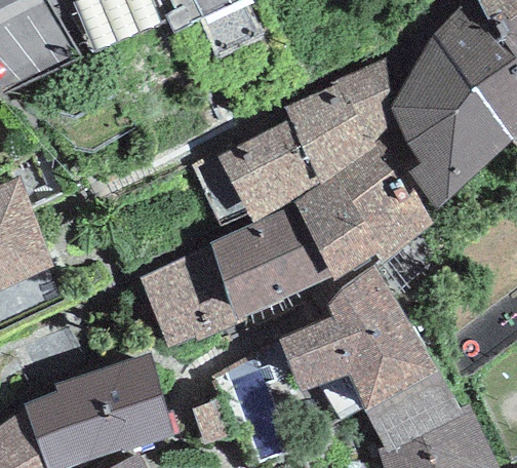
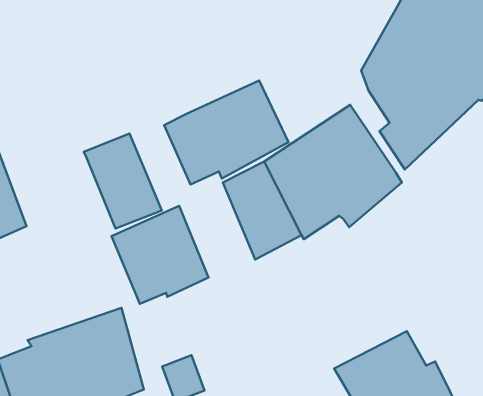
building: [282,56,388,183] -> none
building: [205,224,284,320] -> [84,134,162,229]
building: [279,264,438,413] -> none

